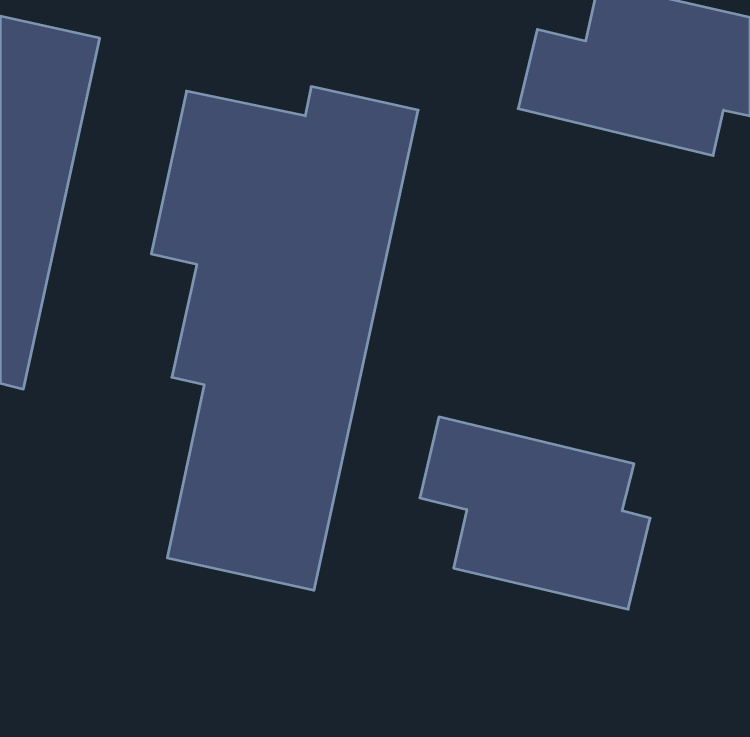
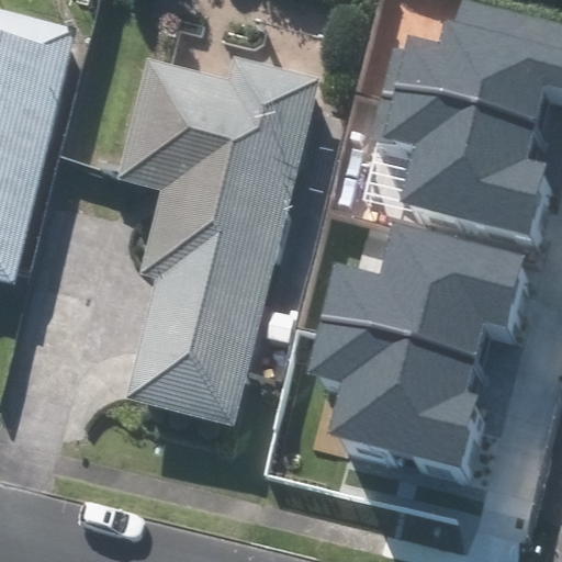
building: none -> [373,81,546,225]
building: none -> [328,217,519,347]

